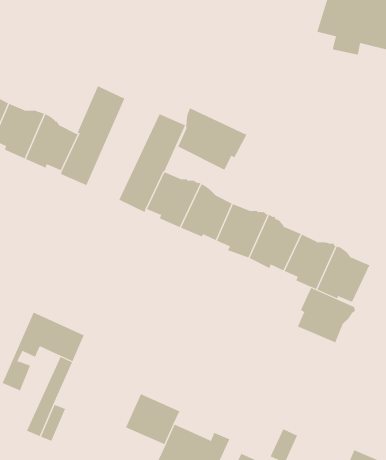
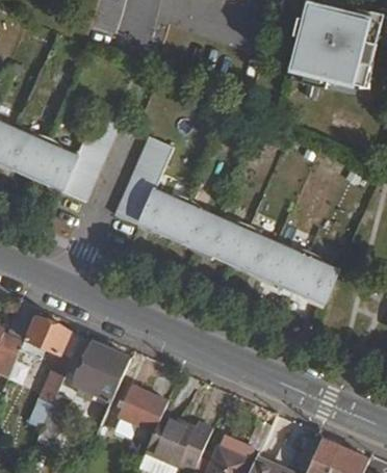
building: [178,107,247,171] -> none
building: [297,287,356,343] -> none
building: none -> [75,342,131,399]

